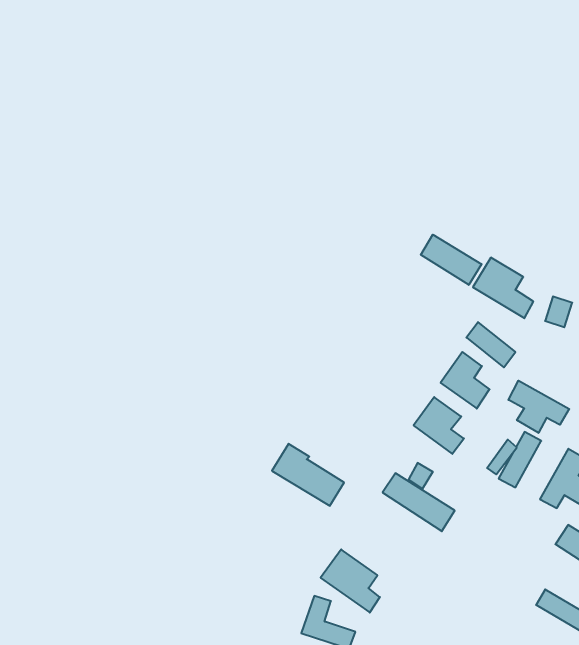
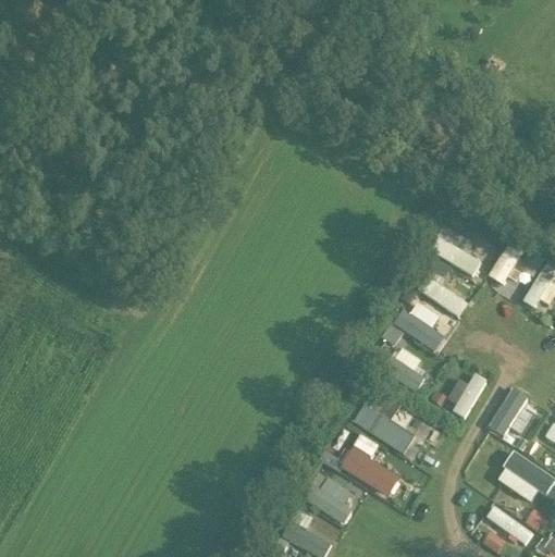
building: [421,235,482,285] -> none
building: [508,381,569,433] -> none
building: [272,444,344,506] -> [340,445,400,497]

